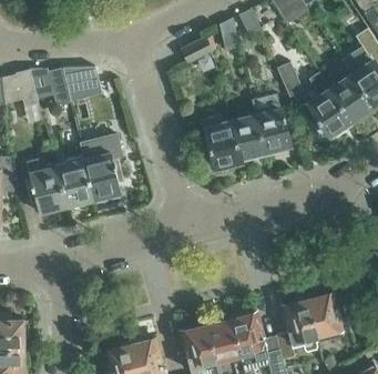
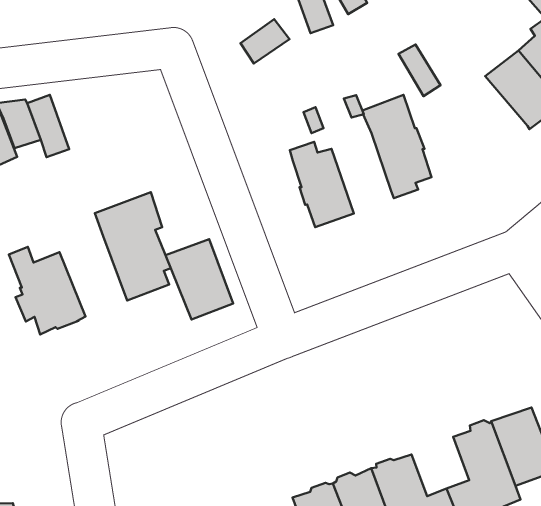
building: [63,67,100,91] -> none
building: [305,72,351,139] -> none
building: [231,114,264,162] -> none
building: [58,158,95,205] -> [166,239,233,319]

